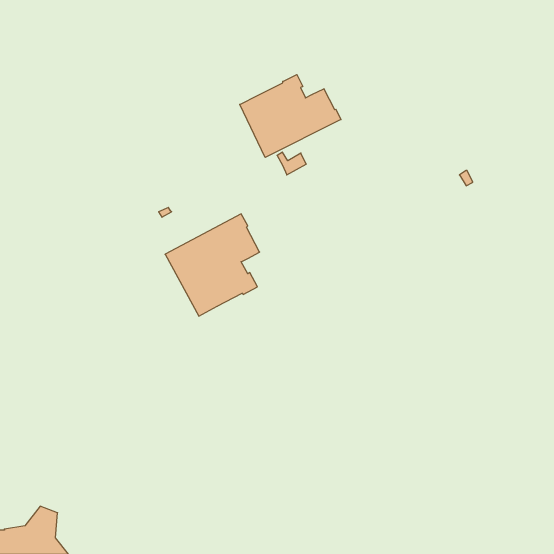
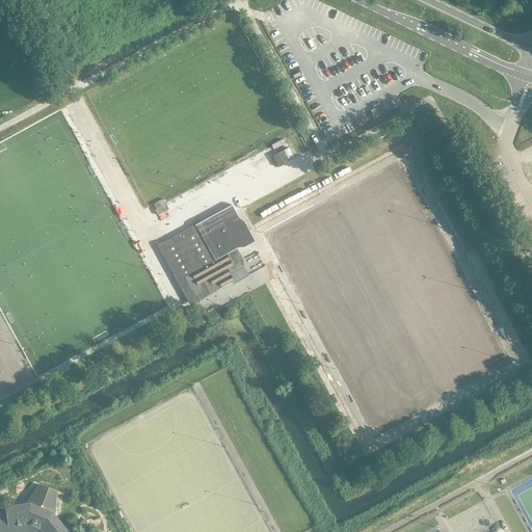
building: [240,75,341,157] -> none

